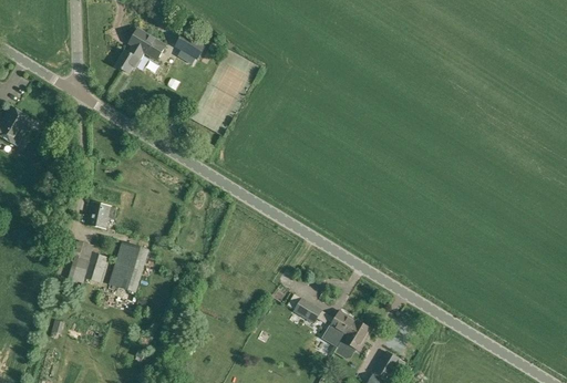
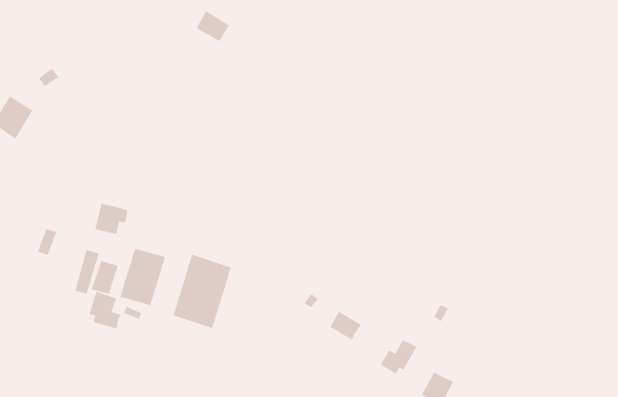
building: [115,30,165,74] -> none
building: none -> [173,254,231,329]
building: none -> [89,291,121,329]
building: [321,311,358,349] -> none

